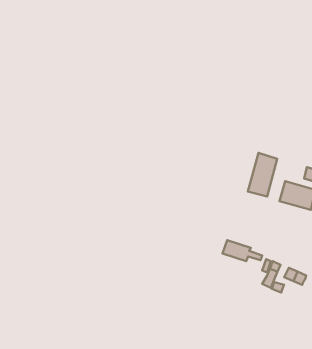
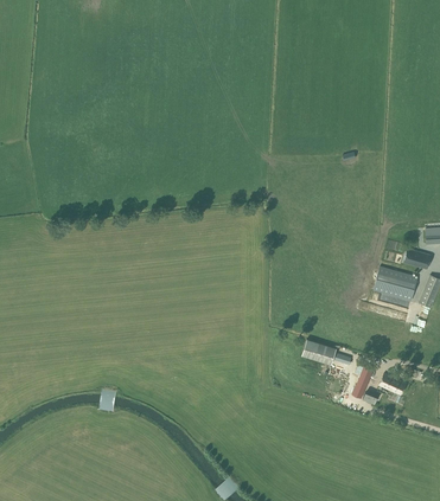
building: [248,153,277,196] -> none

